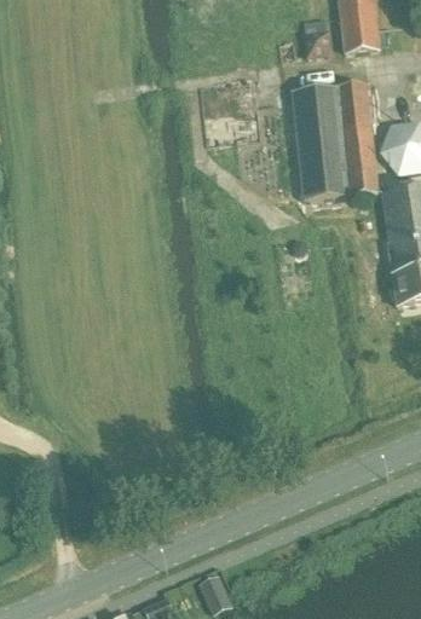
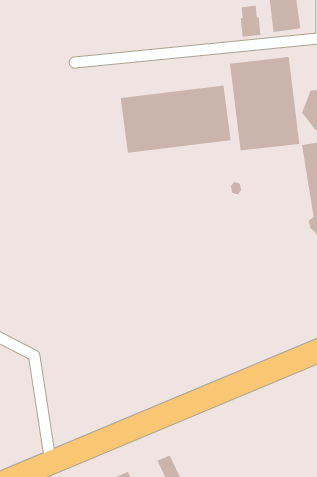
building: none -> [120,85,231,154]

